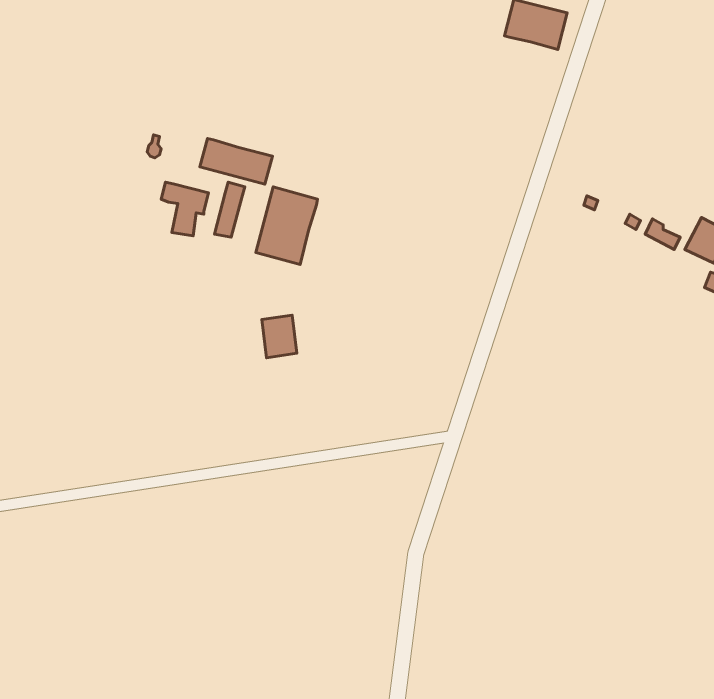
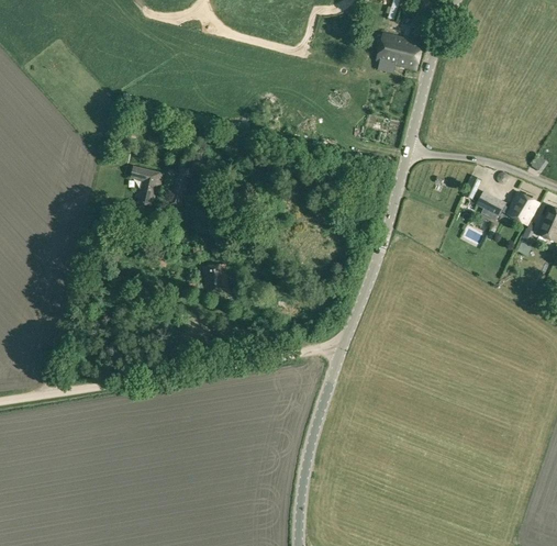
building: [200,139,273,184] -> none
building: [256,187,318,265] -> none

